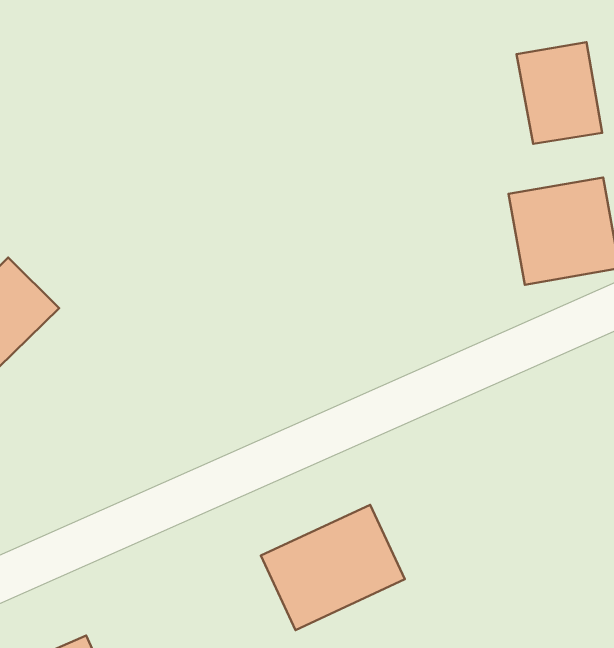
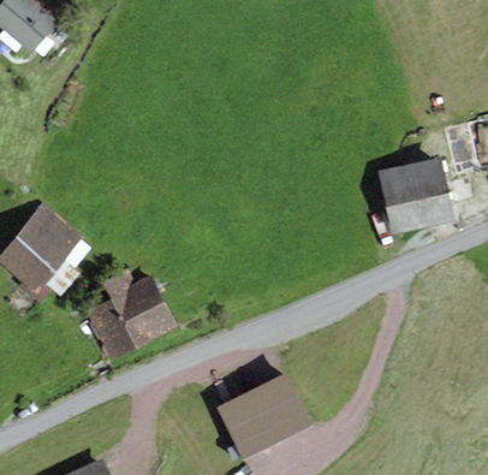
building: [516,42,602,144] -> none
building: none -> [78,280,174,358]

